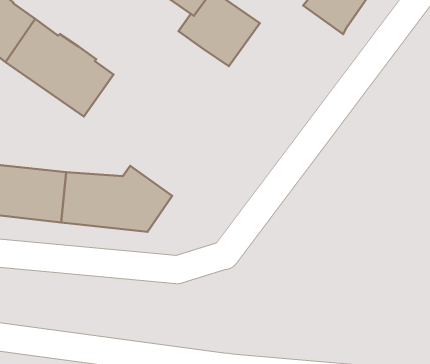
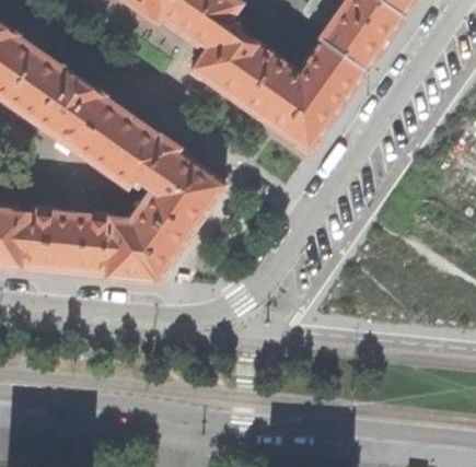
building: none -> [245,40,367,151]
building: none -> [91,114,225,243]

